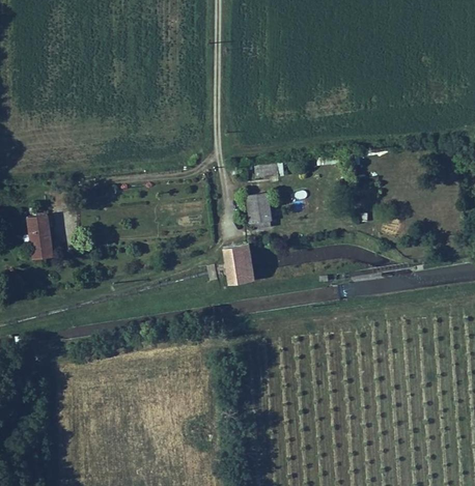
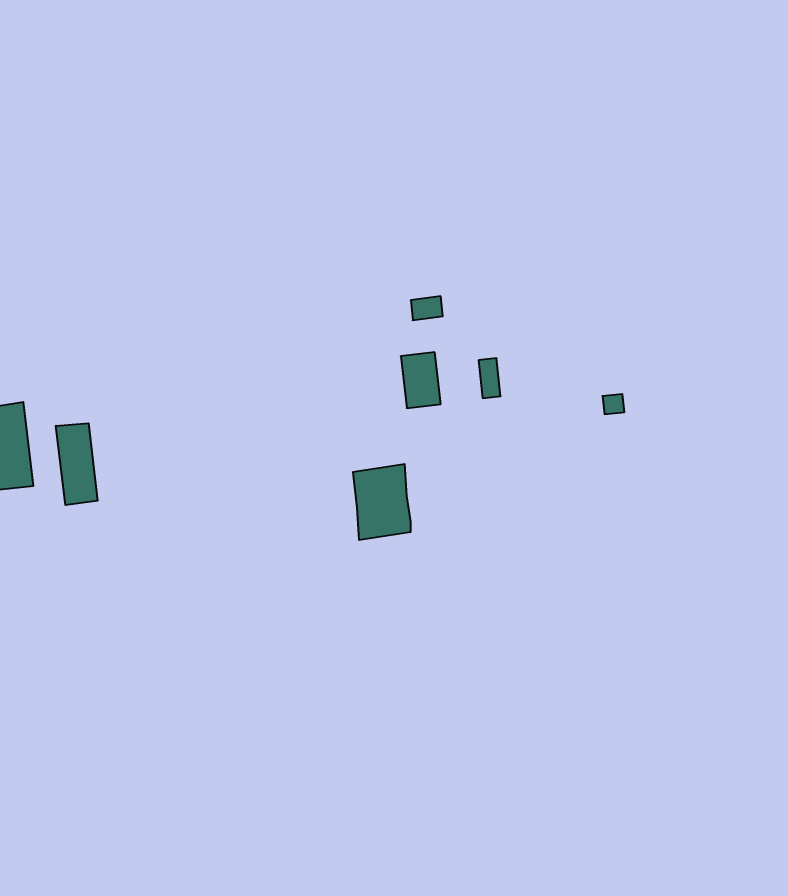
building: none -> [56,423,98,505]

